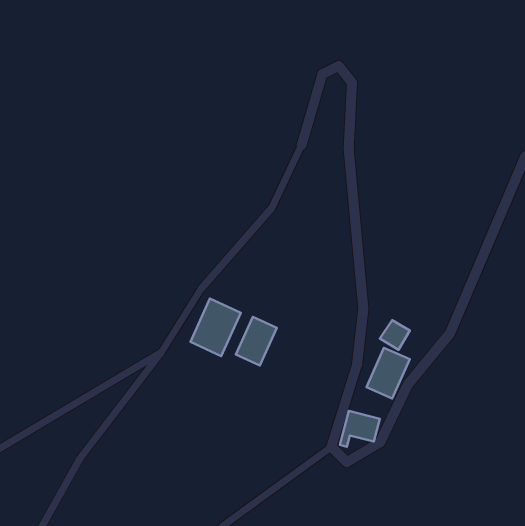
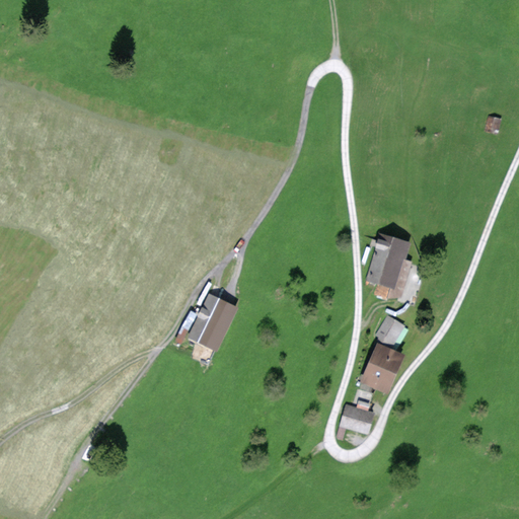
building: none -> [369,237,409,296]
building: [236,317,277,366] -> none

